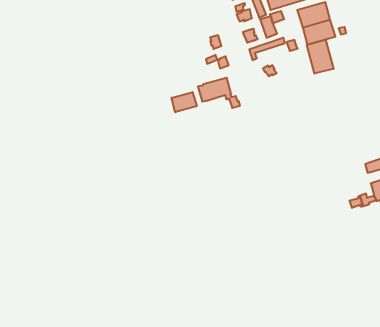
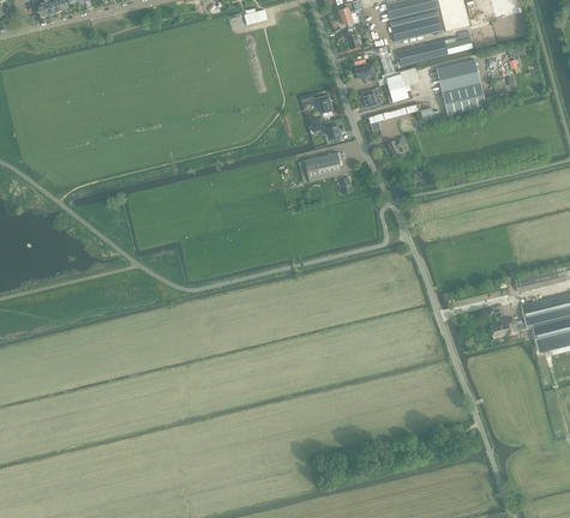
building: [307,39,334,74] -> none
building: [172,92,197,112] -> none

